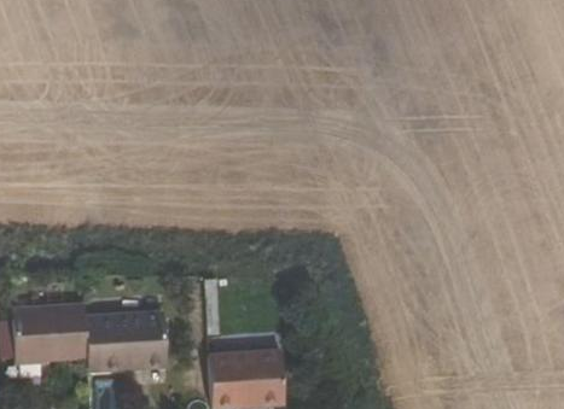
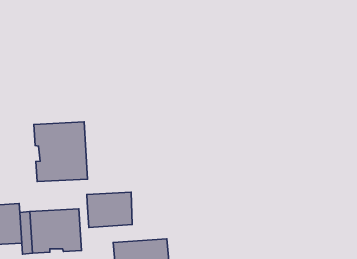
building: none -> [34,122,87,182]
building: none -> [87,192,132,228]

